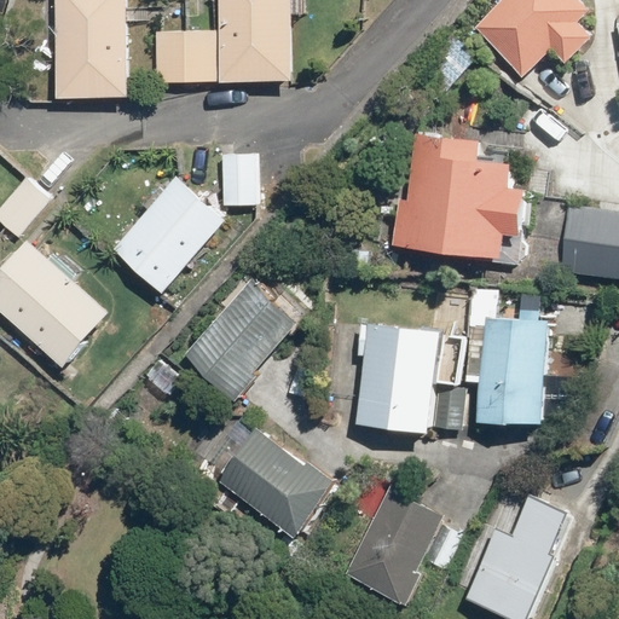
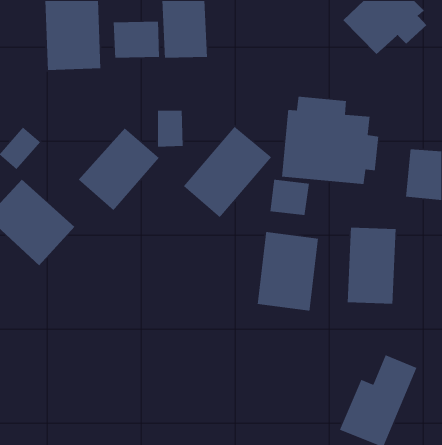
building: none -> [270,179,310,216]
building: [177,279,300,407] -> [183,126,272,218]
building: [215,424,336,538] -> none
building: [345,482,451,603] -> none

